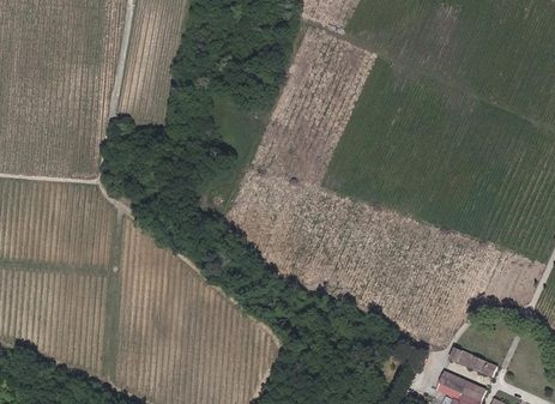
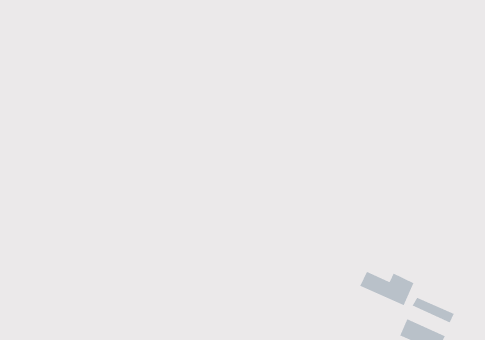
building: none -> [359,271,414,306]

